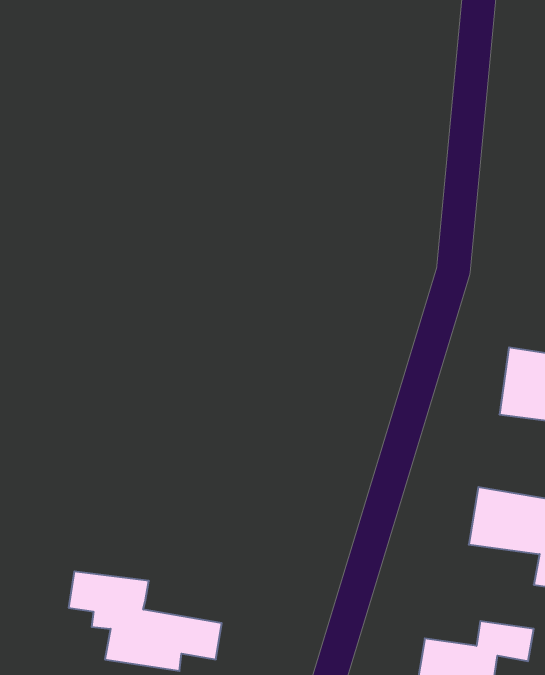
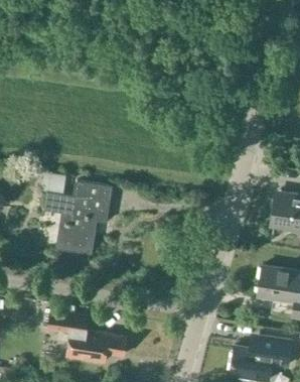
building: none -> [40,172,112,255]

